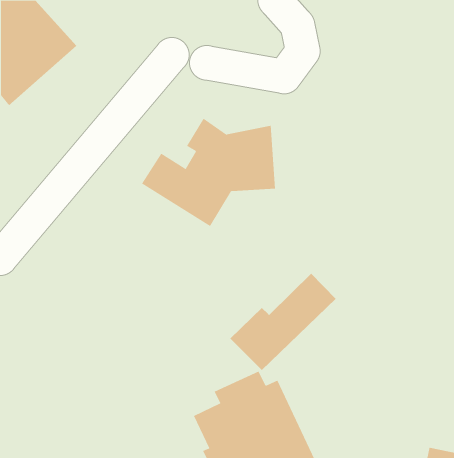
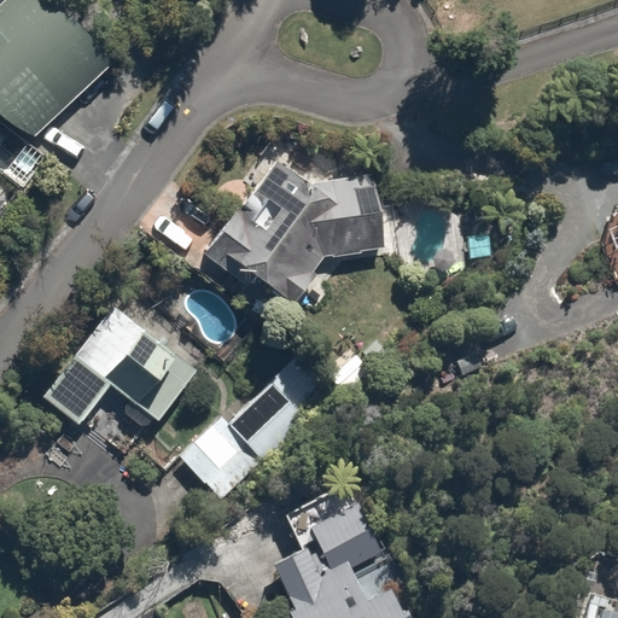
building: none -> [42,307,197,432]
building: [229,273,336,371] -> [177,366,321,497]

